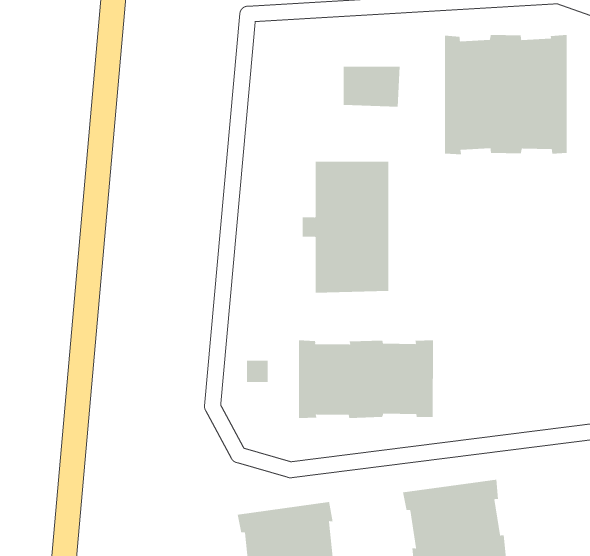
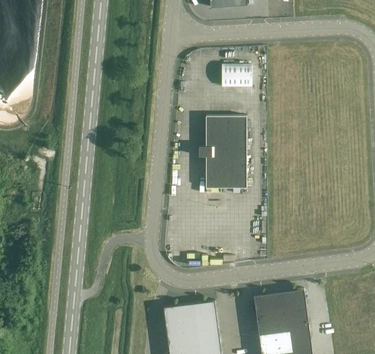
building: [445,34,567,155] -> none
building: [298,340,433,419] -> none

